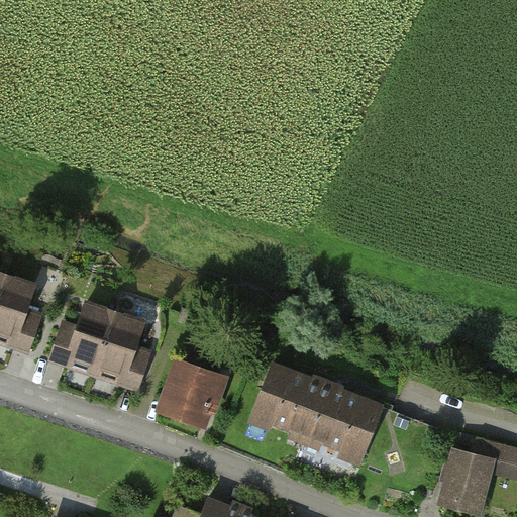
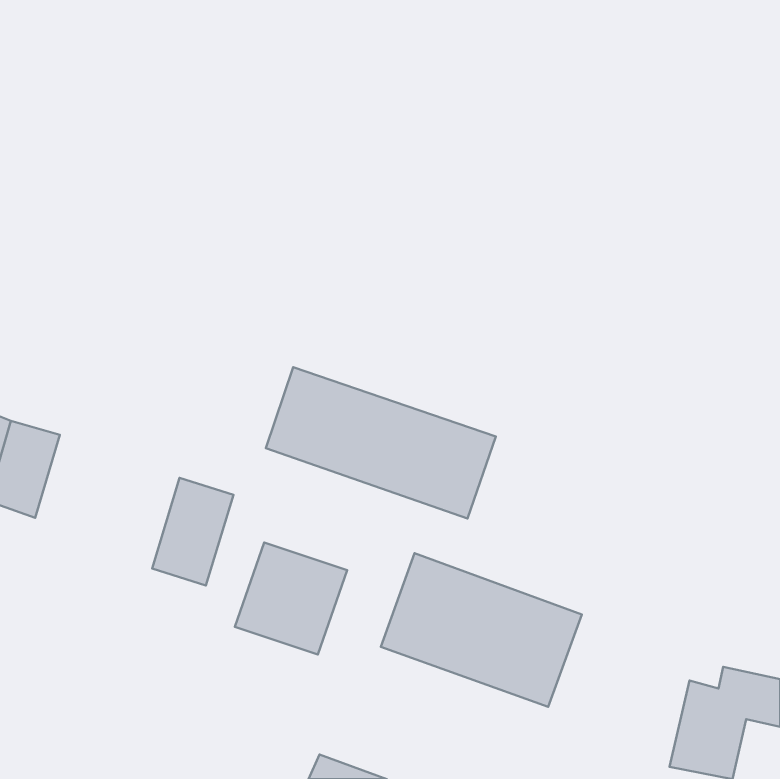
building: none -> [266,367,496,518]
building: [66,303,118,374] -> none

